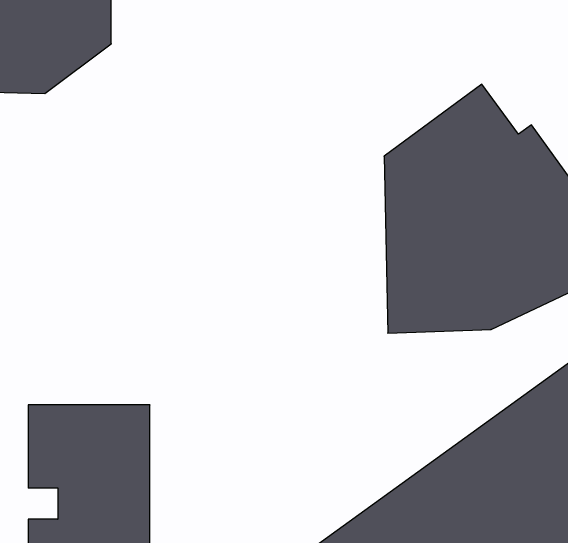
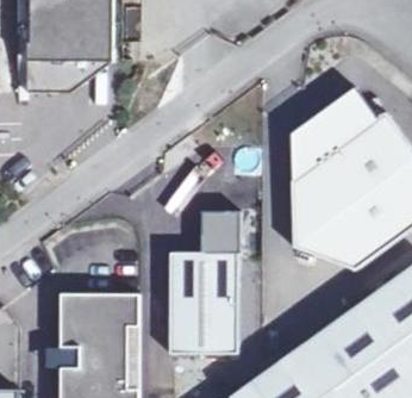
building: none -> [169,211,241,352]

